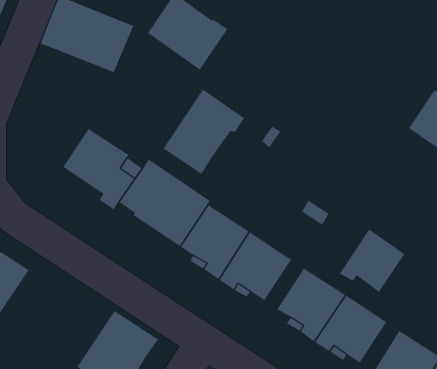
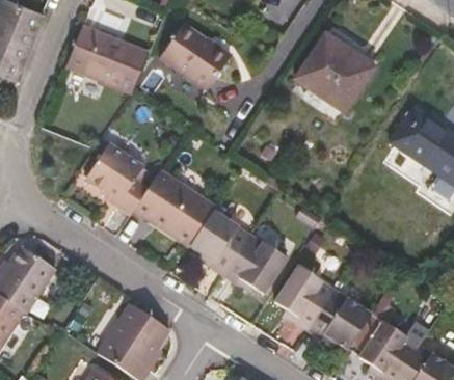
building: none -> [297,36,372,111]
building: [163,89,245,175] -> none
building: [339,229,405,293] -> none

